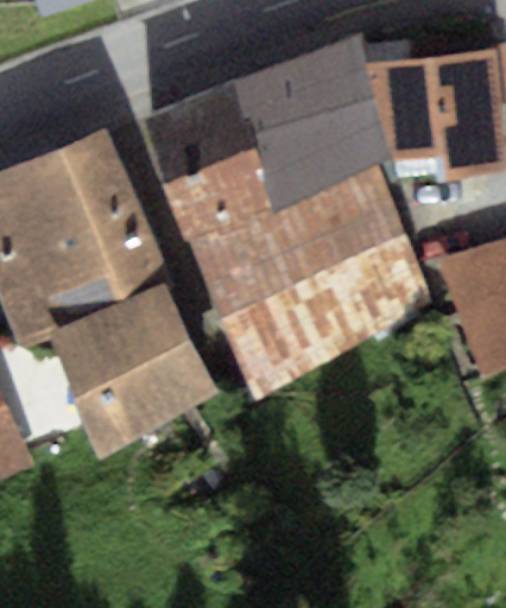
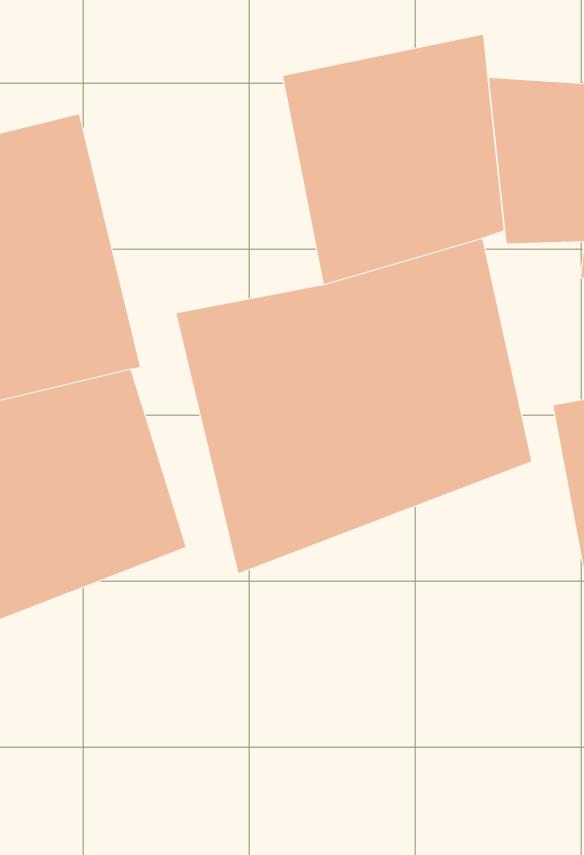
building: [143,80,279,242] -> none

